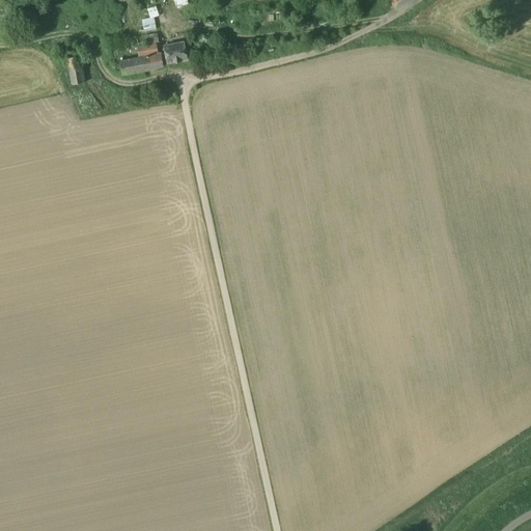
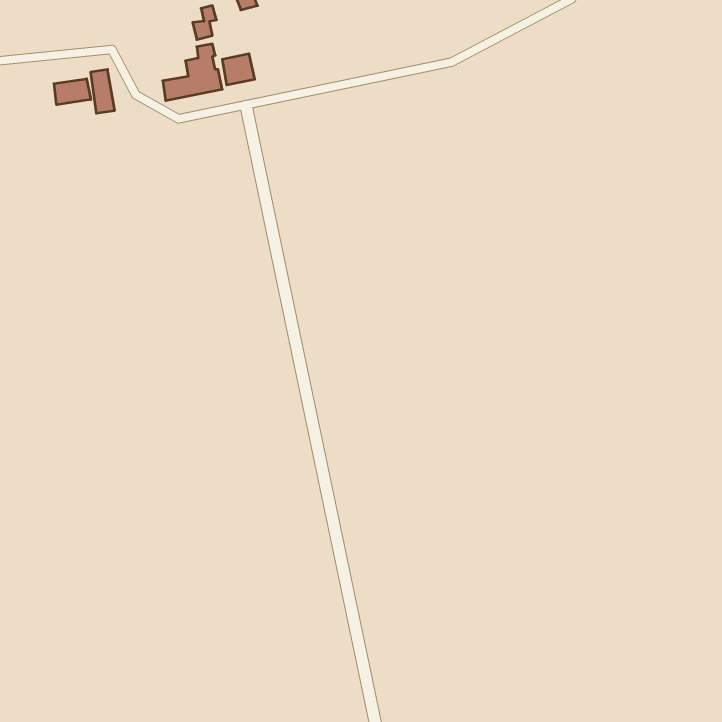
building: none -> [54,79,91,105]

